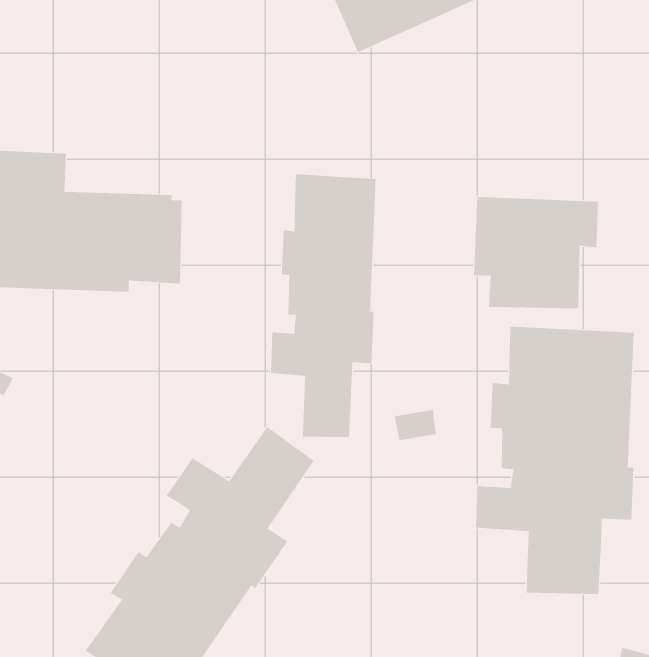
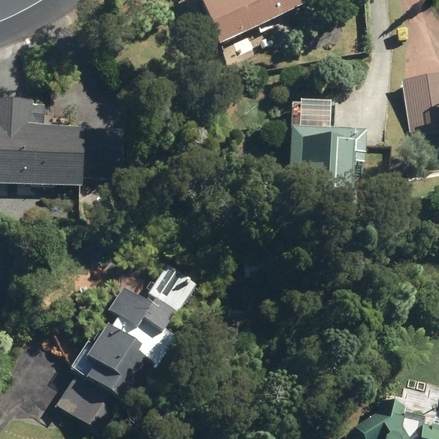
building: [270,174,376,438] -> none
building: [475,326,634,595] -> none

